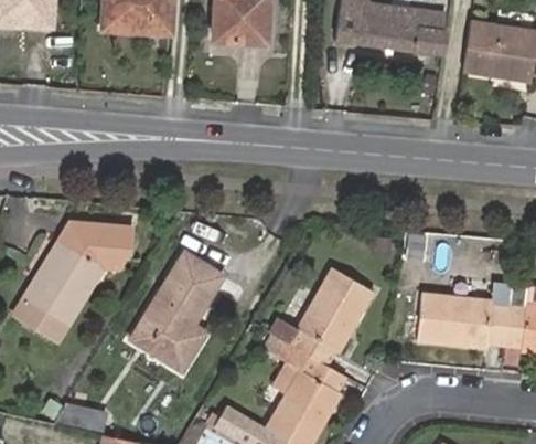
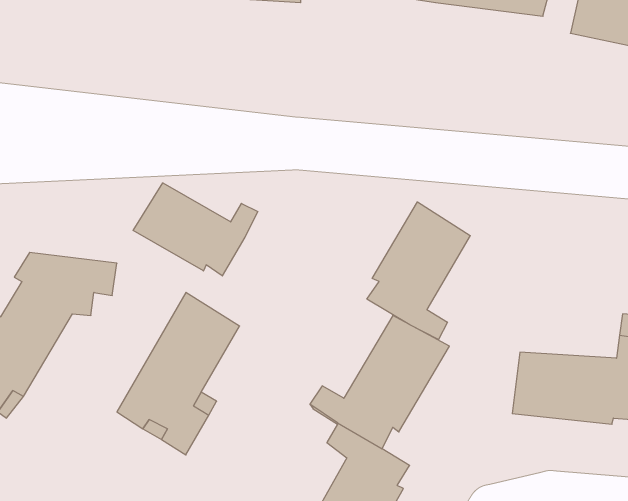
building: none -> [133,183,258,276]
building: none -> [367,202,470,340]

